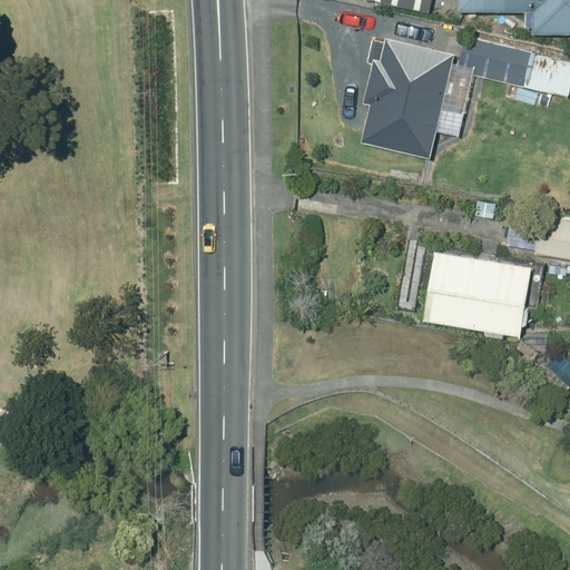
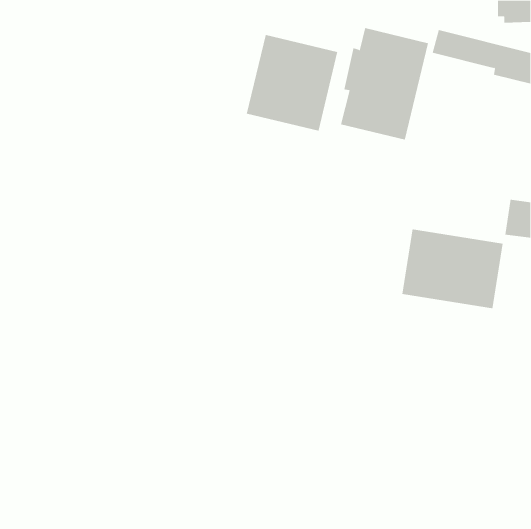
building: none -> [246,34,338,132]

